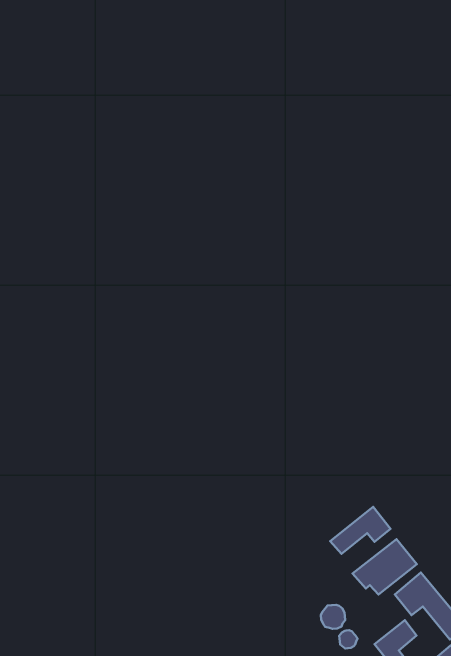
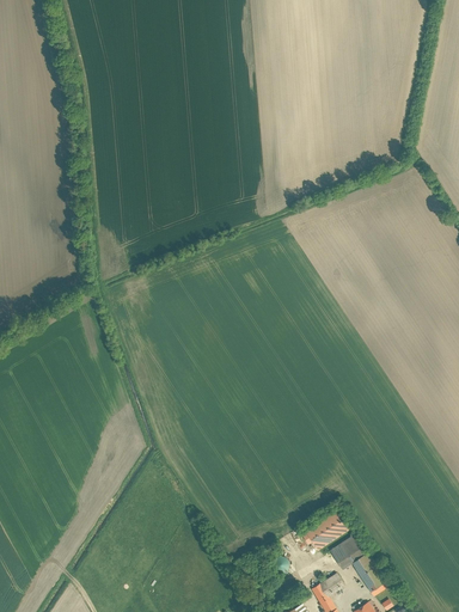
building: [330,507,391,554] -> none

